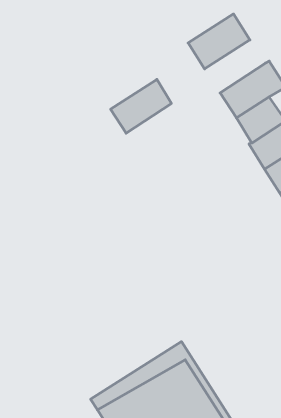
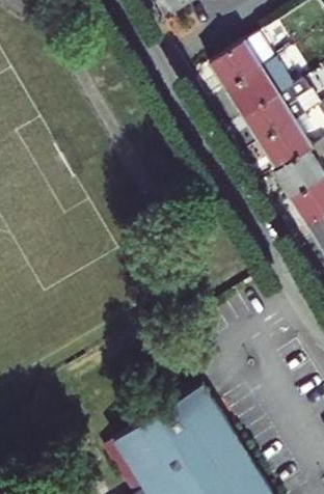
building: [111,79,171,133] -> [226,58,292,116]

